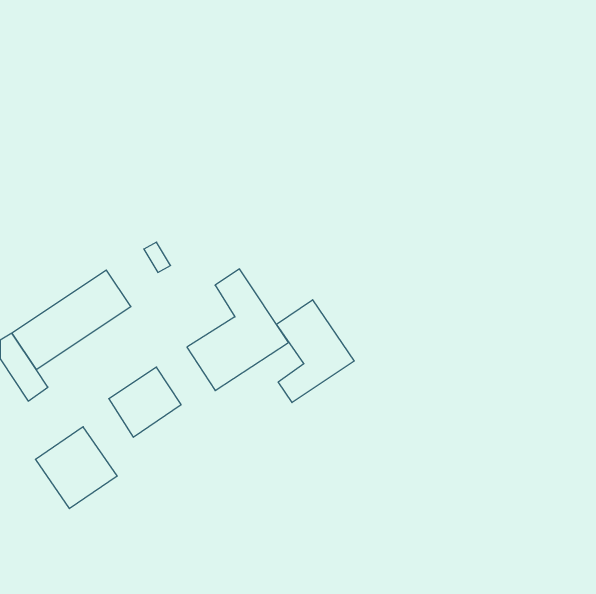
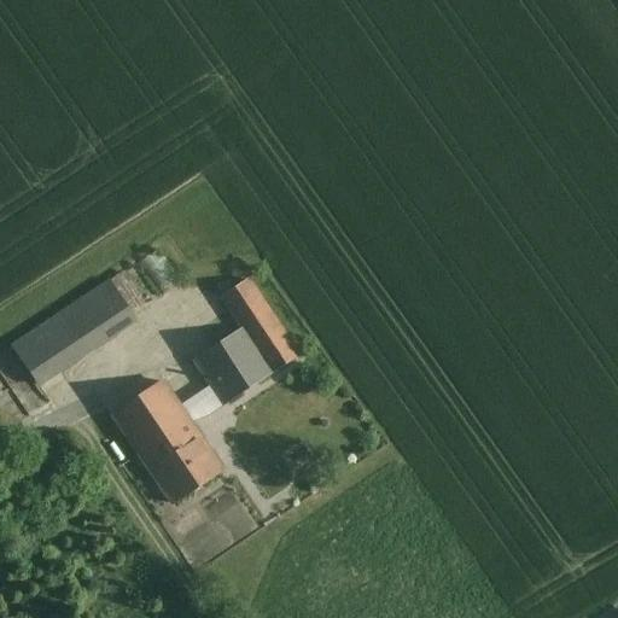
building: [276,300,354,403] -> none
building: [35,427,117,509] -> [139,418,223,502]

